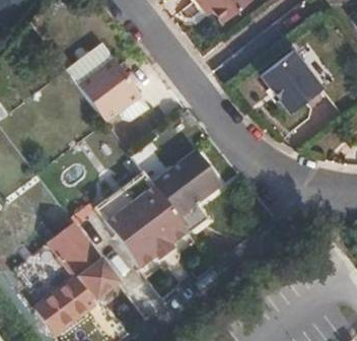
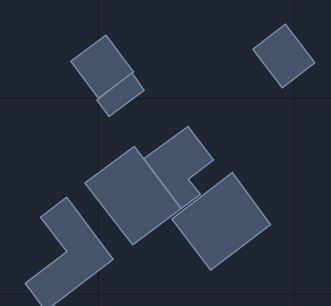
building: [66,42,114,85] -> [97,73,144,116]
building: none -> [172,172,271,270]

